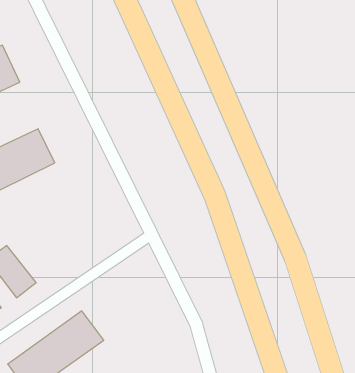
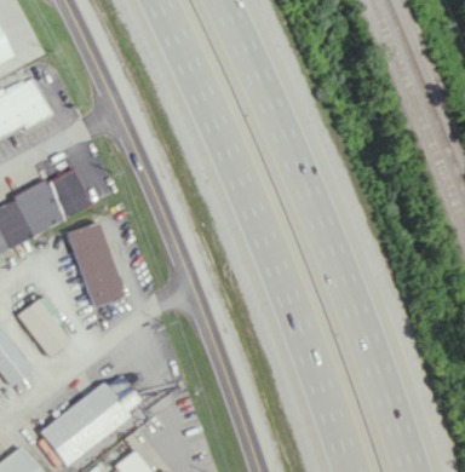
building: none -> [67,221,122,306]

